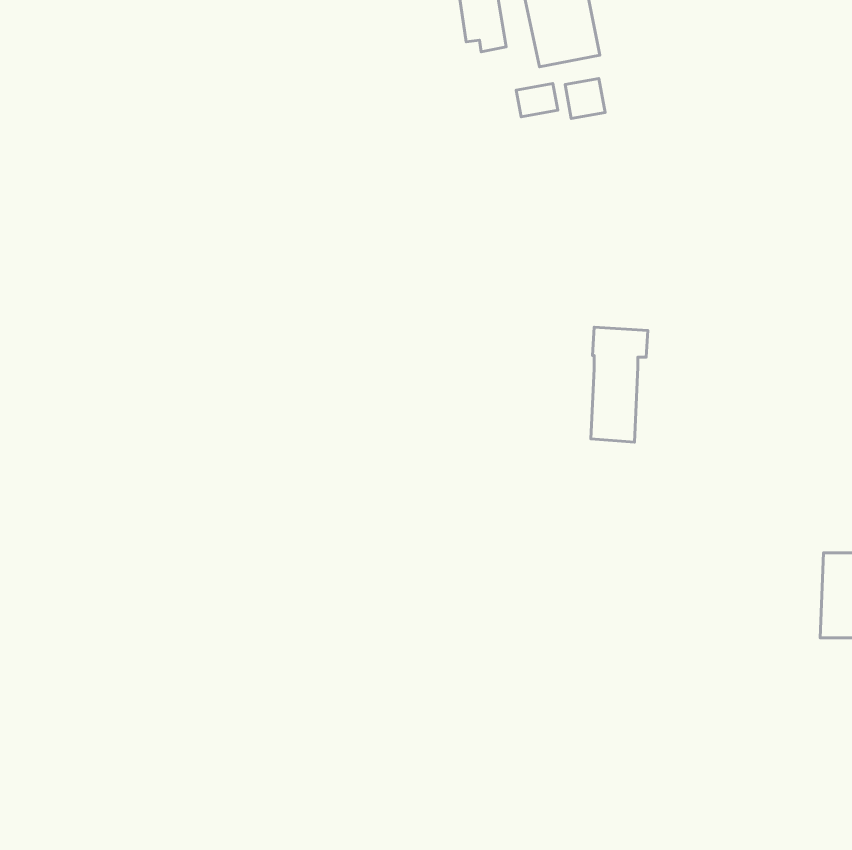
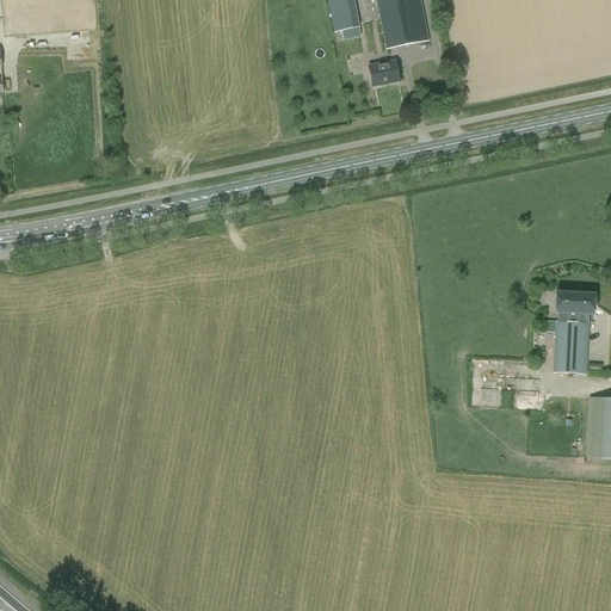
building: [565,79,605,118] -> none
building: [591,327,648,442] -> [555,290,595,372]

